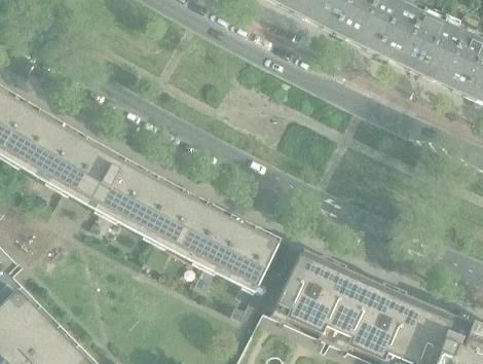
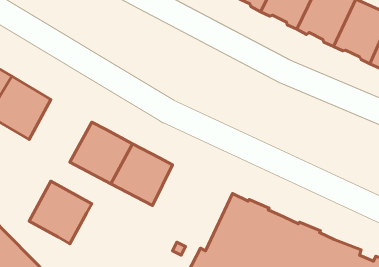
building: [60,139,134,213] -> [29,181,92,244]
building: [206,216,280,289] -> none

